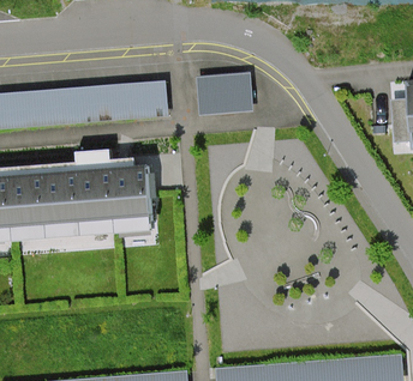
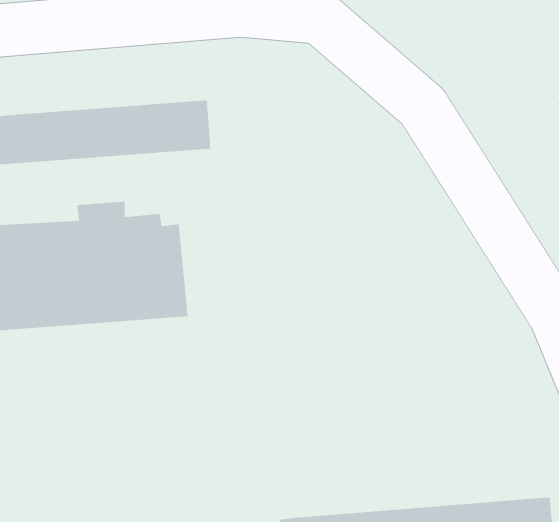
building: [196,73,252,115] -> none

